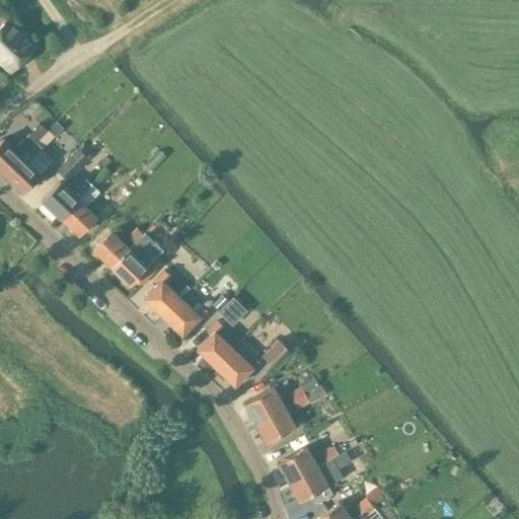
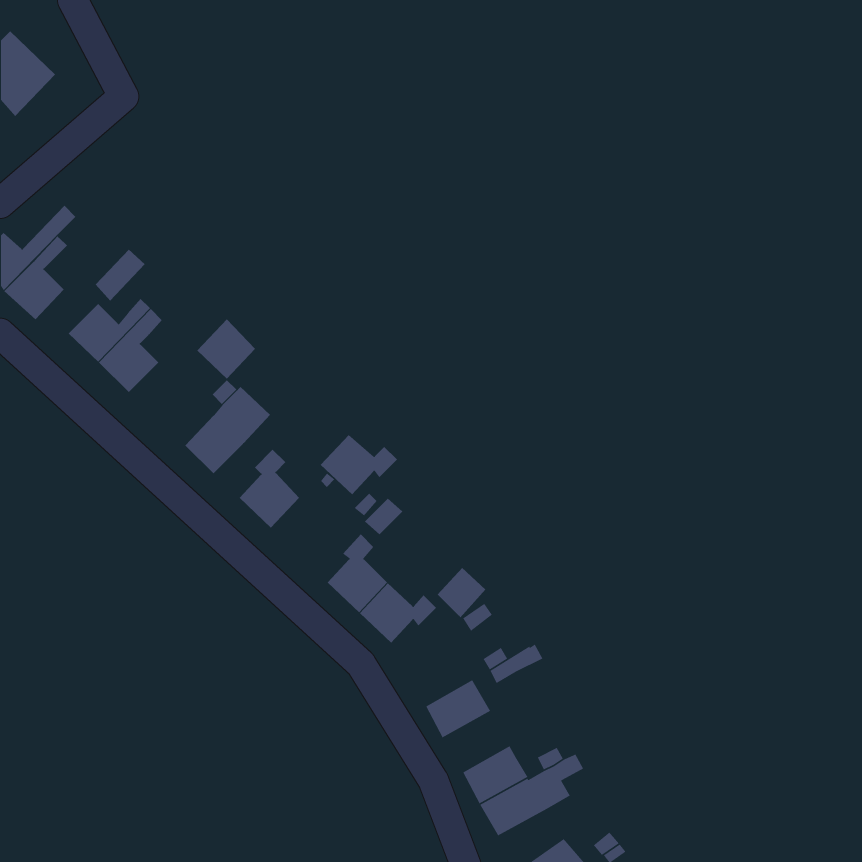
building: [94,232,130,269] -> [196,318,256,379]
building: [164,300,211,337] -> [320,434,398,495]
building: [245,389,285,425] -> none

